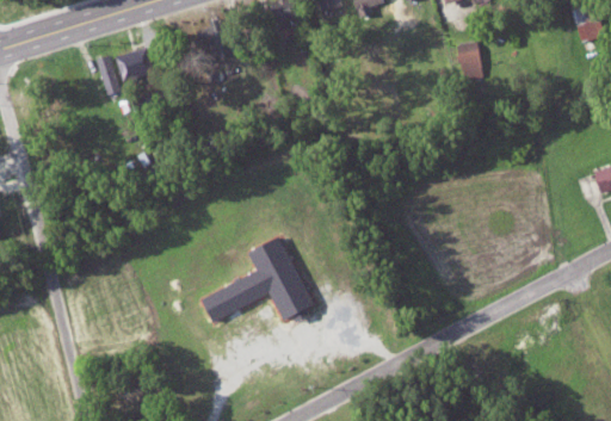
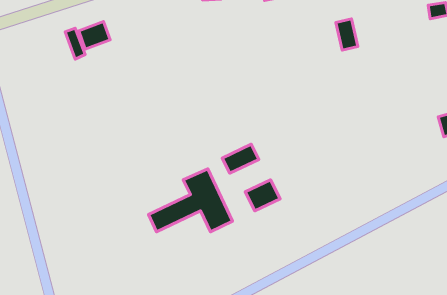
building: none -> [222,144,259,173]
building: none -> [245,180,280,211]

